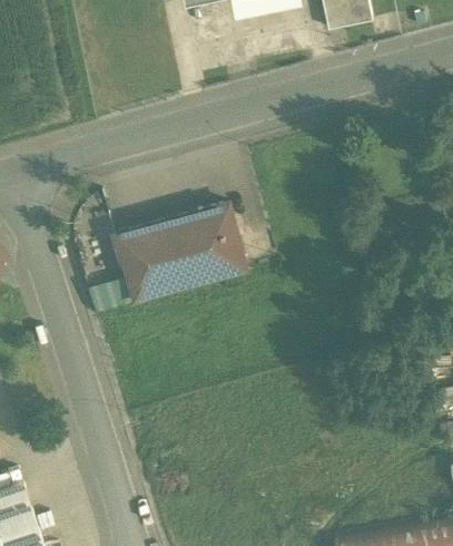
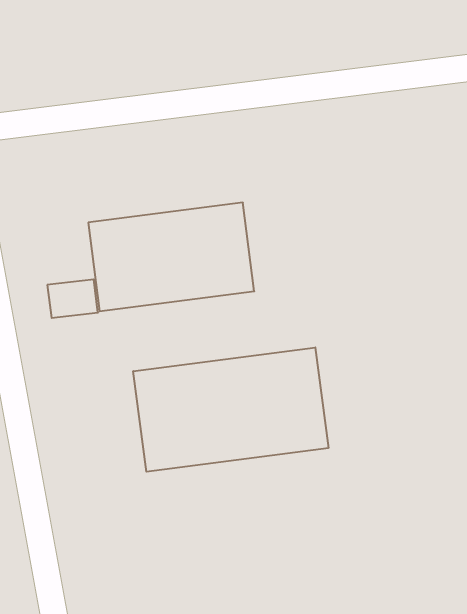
building: none -> [133,347,328,472]

